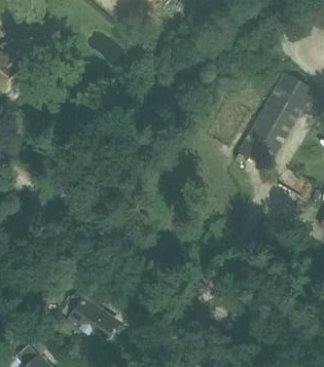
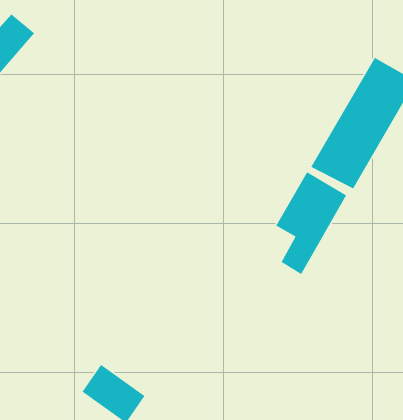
building: none -> [275,171,347,275]

